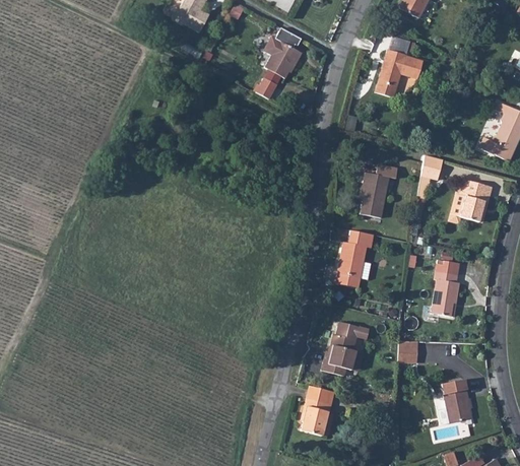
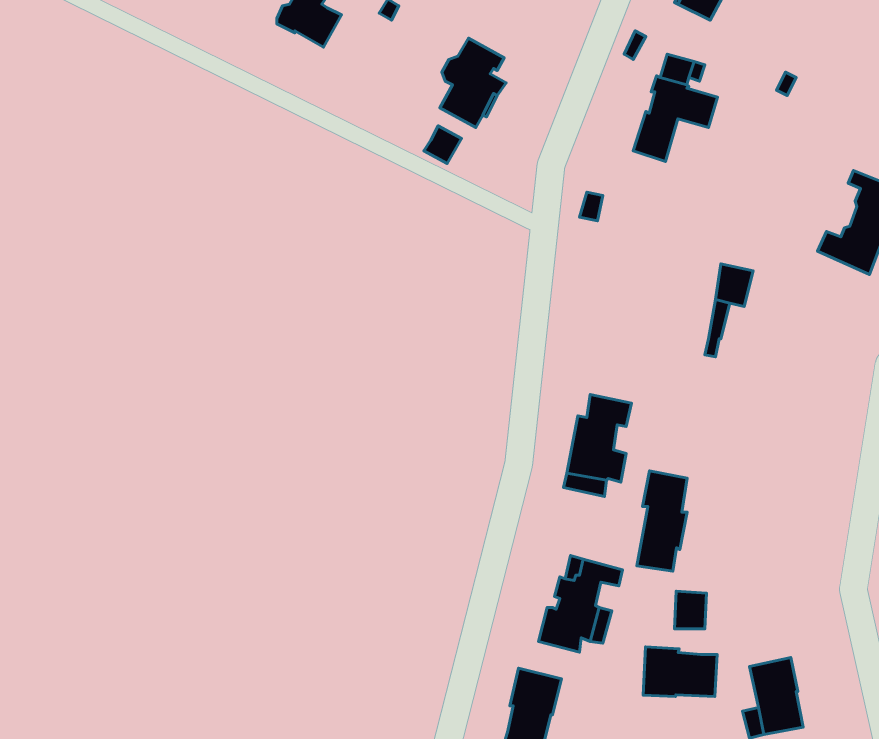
building: [361,163,397,217] -> none
building: [450,179,492,221] -> none
building: [431,259,459,316] -> [637,471,687,571]
building: none -> [643,647,717,697]

